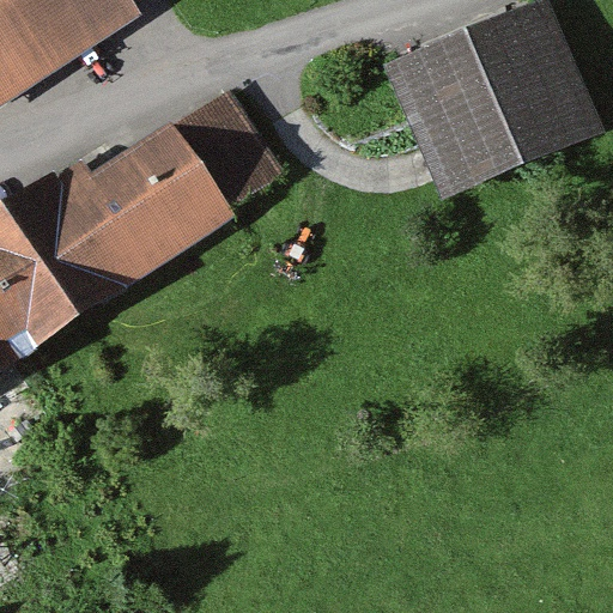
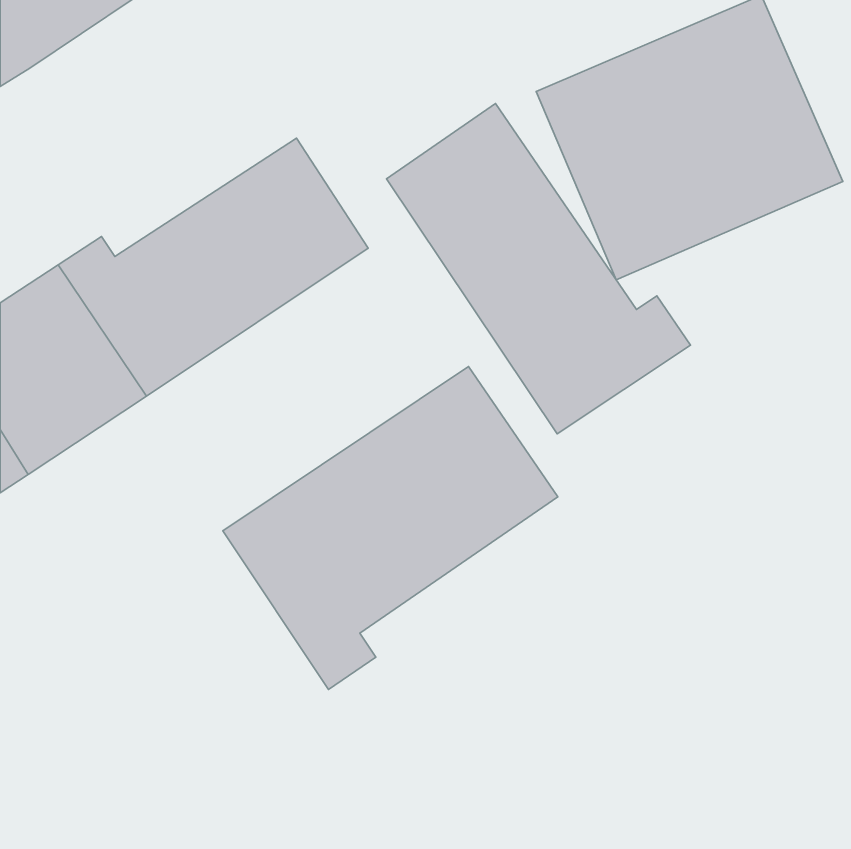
building: none -> [386,104,690,434]
building: none -> [223,367,558,690]

